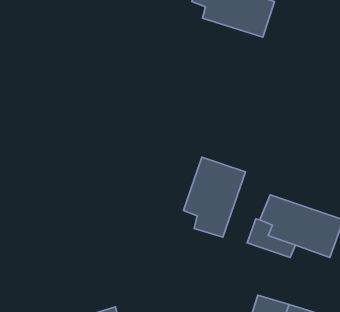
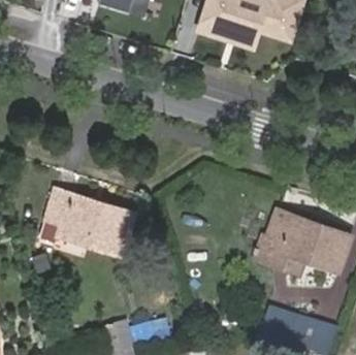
building: [183,157,246,237] -> none
building: none -> [44,190,133,254]

